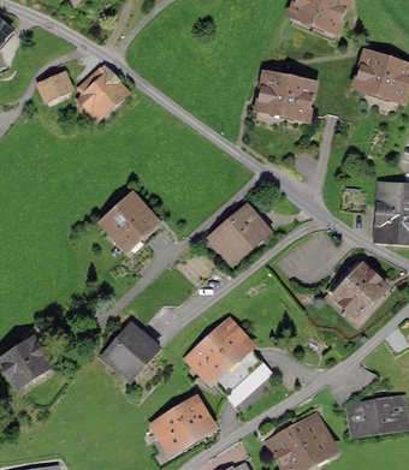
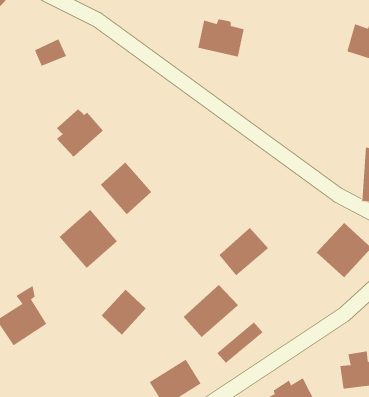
building: [78,69,128,119] -> [56,108,104,158]
building: [262,77,310,117] -> [198,19,244,57]
building: [214,209,266,260] -> [218,227,269,276]
building: none -> [59,209,118,269]

